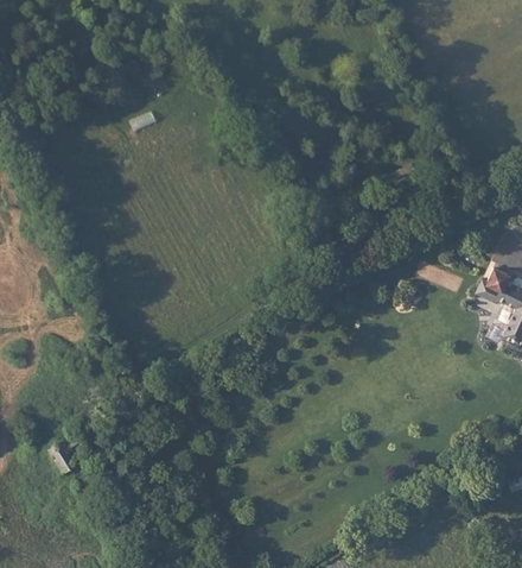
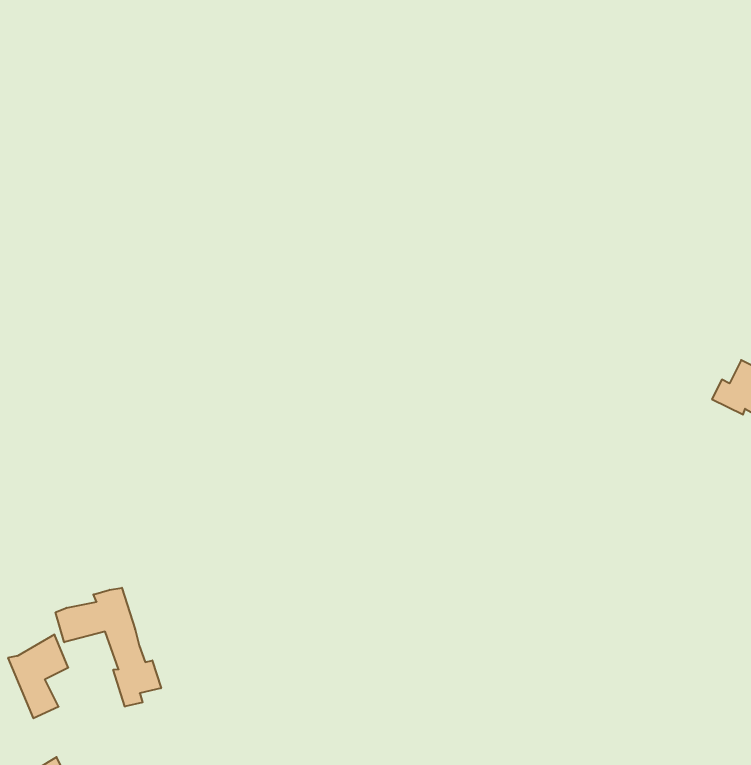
building: none -> [56,588,161,707]

